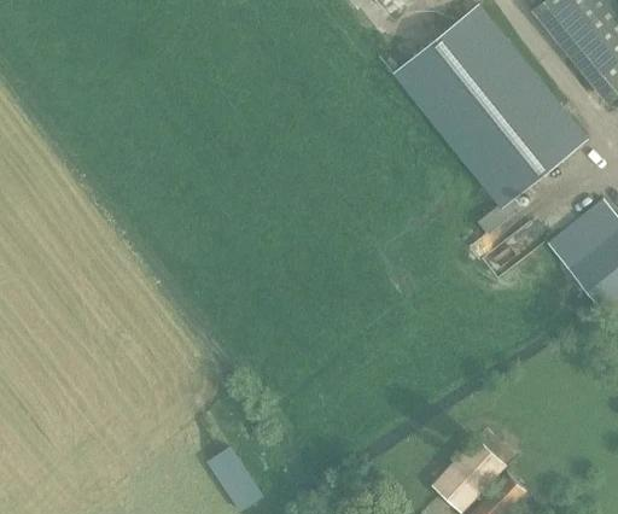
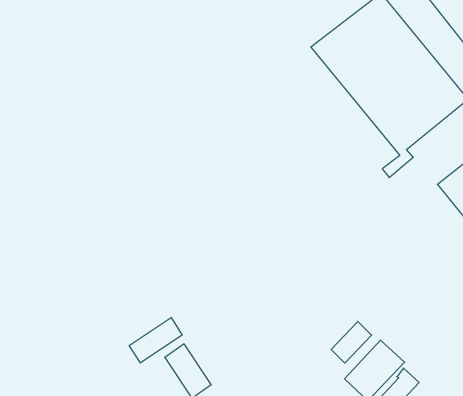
building: none -> [129,318,182,363]
building: none -> [331,321,372,363]

